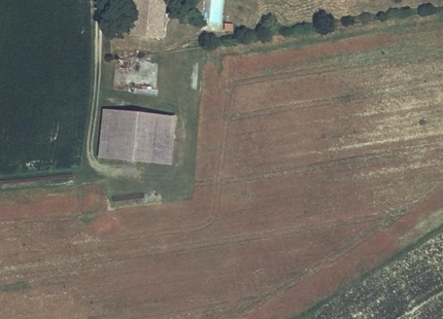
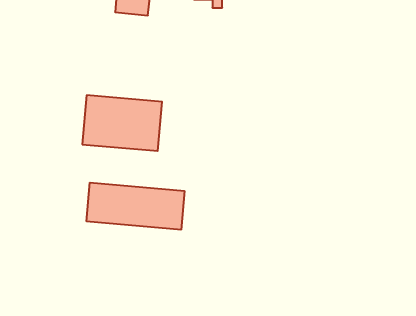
building: none -> [87,183,184,230]

